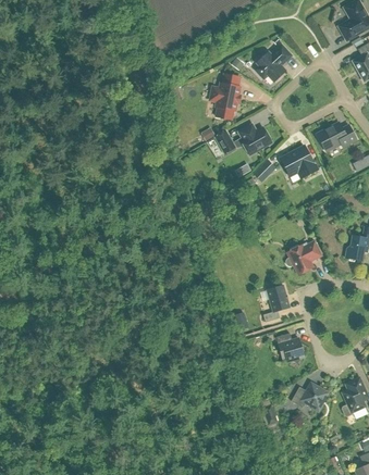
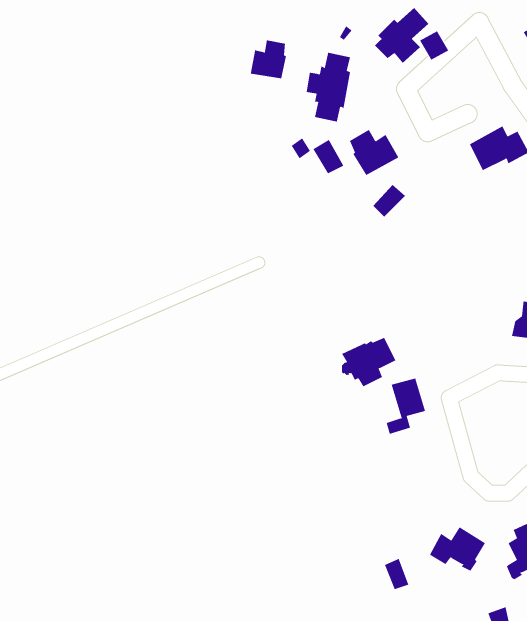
building: none -> [250,40,286,79]
building: [280,145,317,176] -> none
building: [285,240,321,273] -> [341,337,396,387]
building: [275,333,304,363] -> none

